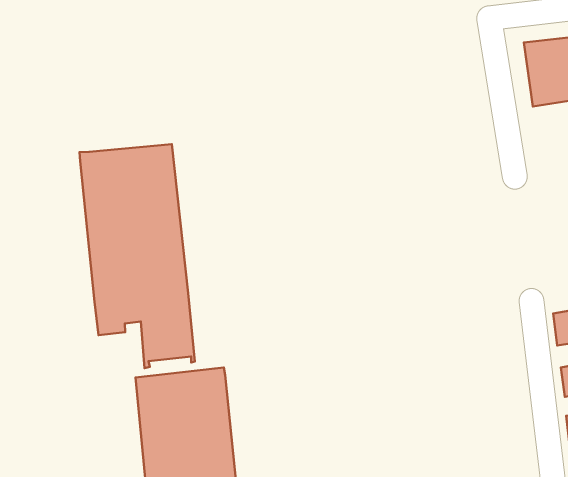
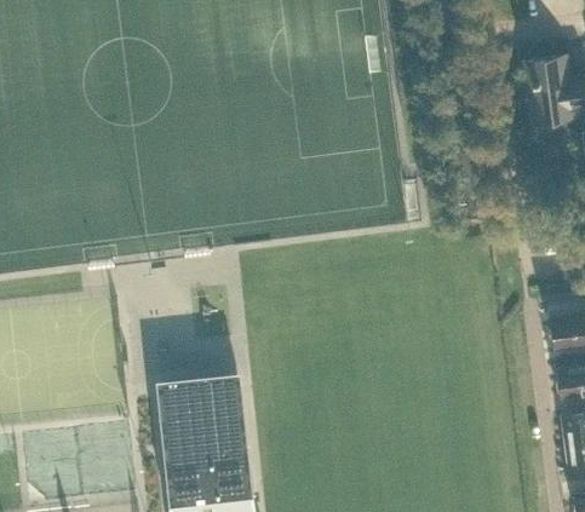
building: [80,144,195,368] -> none

